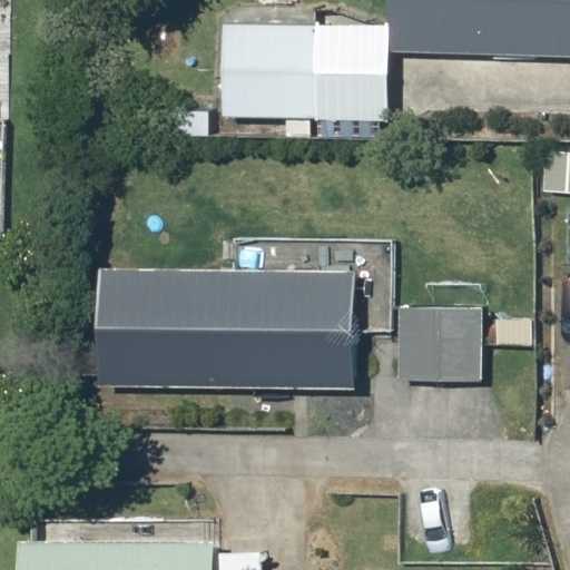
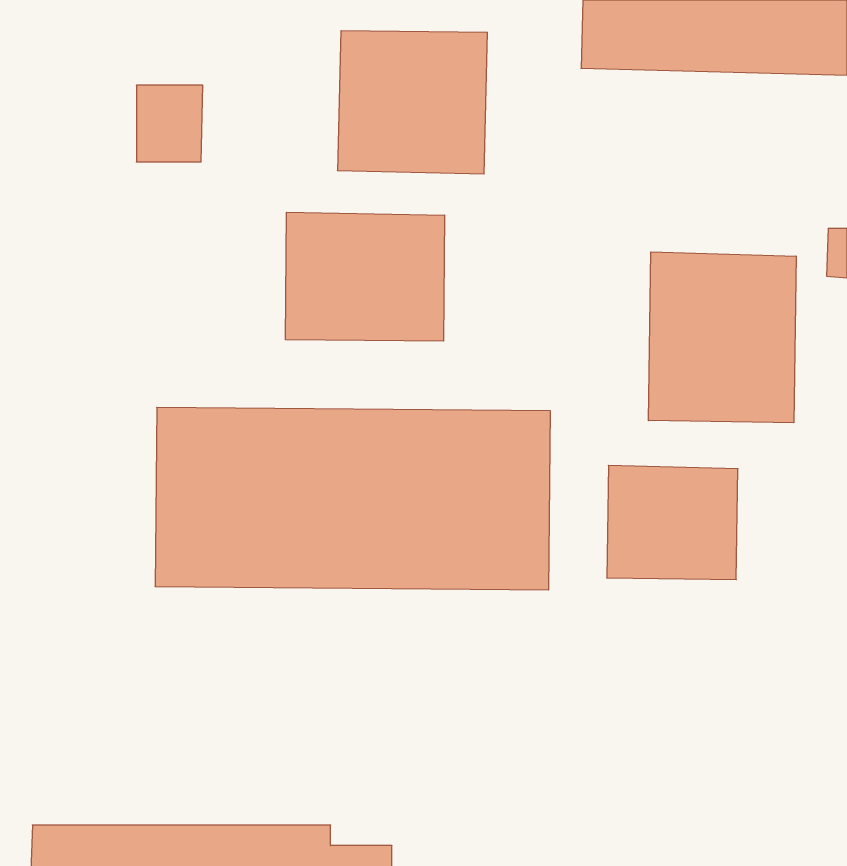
building: none -> [286,212,444,341]
building: none -> [648,252,796,423]

